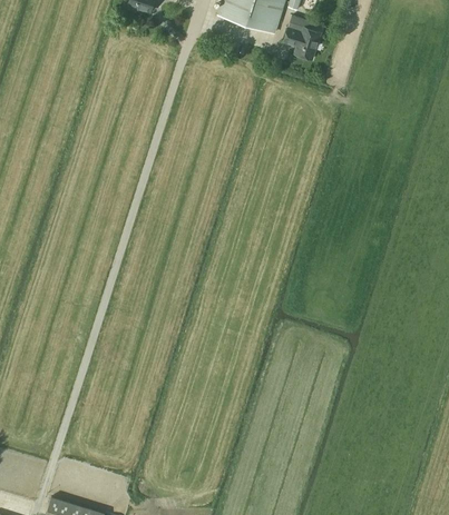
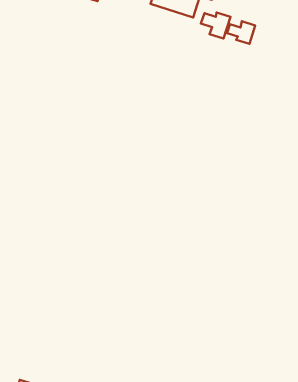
building: none -> [227,21,255,44]

